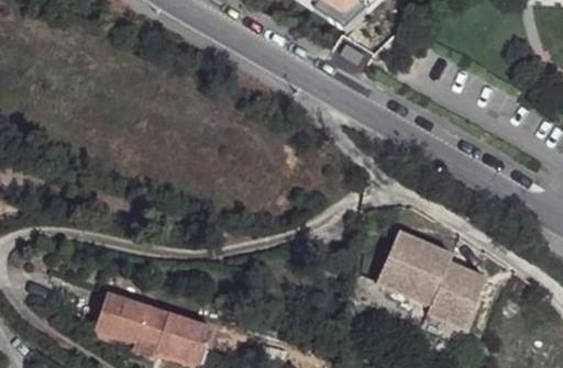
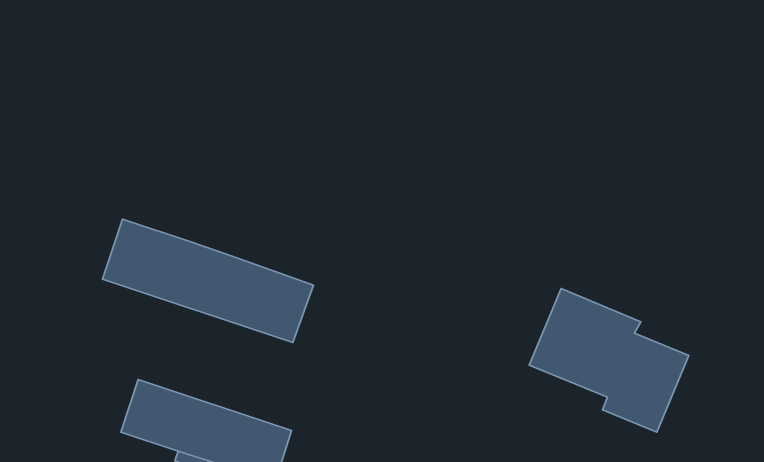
building: none -> [103,219,313,343]

